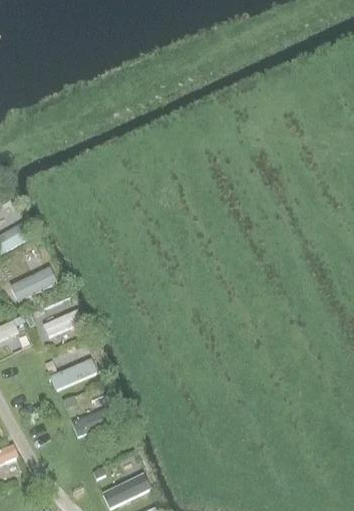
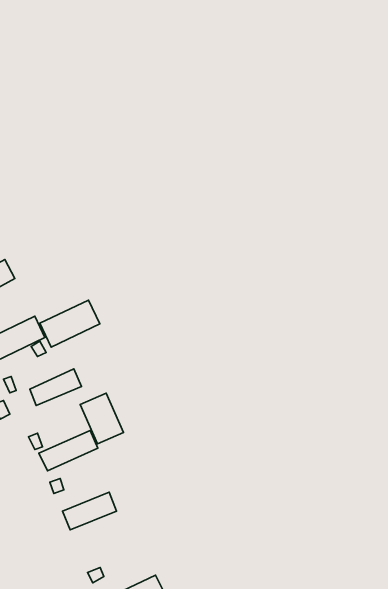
building: none -> [40,300,100,347]
building: none -> [80,393,123,444]

